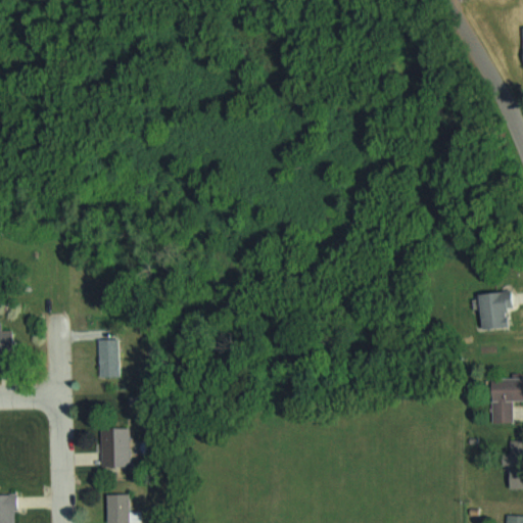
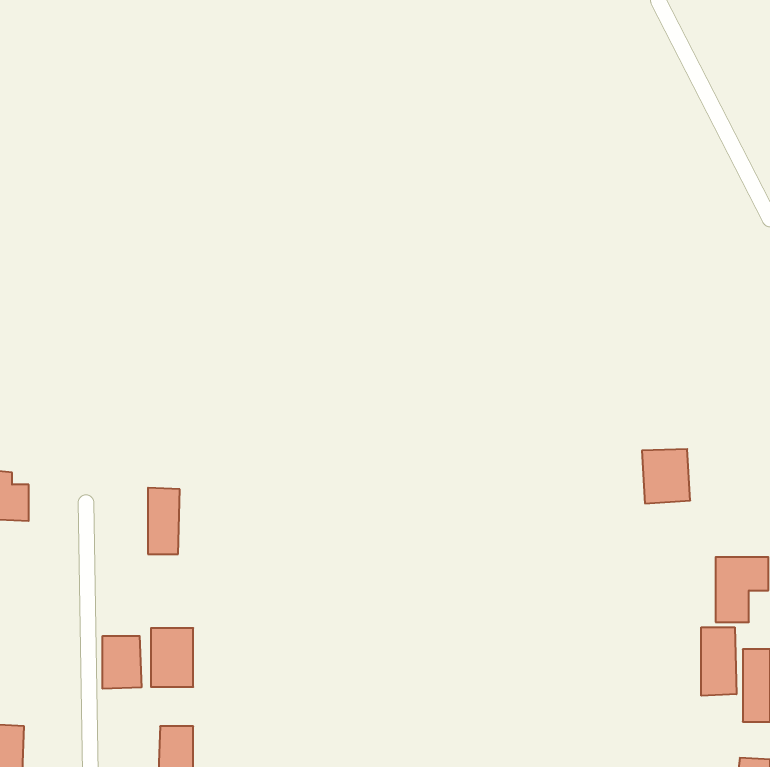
building: [473,293,506,330] -> [642,449,690,503]
building: none -> [701,627,736,696]
building: none -> [103,636,141,689]

